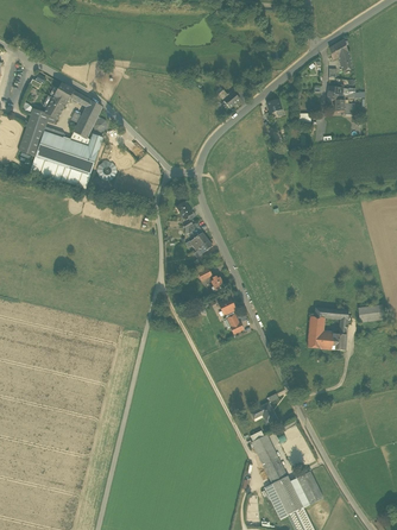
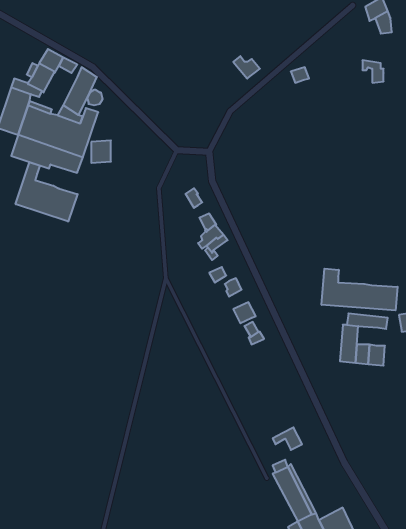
building: none -> [16,162,78,222]
building: none -> [322,269,398,310]

